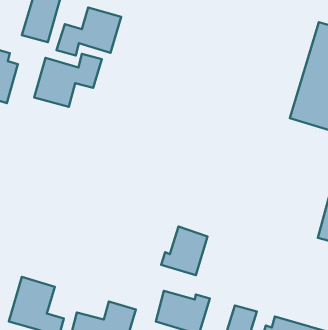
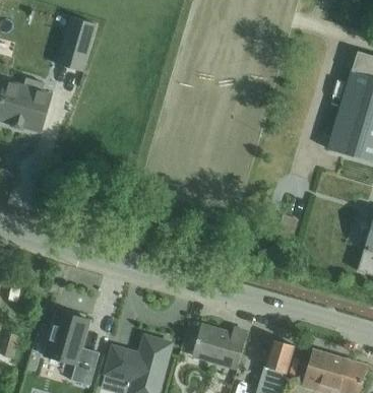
building: [56,7,121,55] -> none
building: [34,54,102,107] -> none
building: [161,227,208,275] -> none

